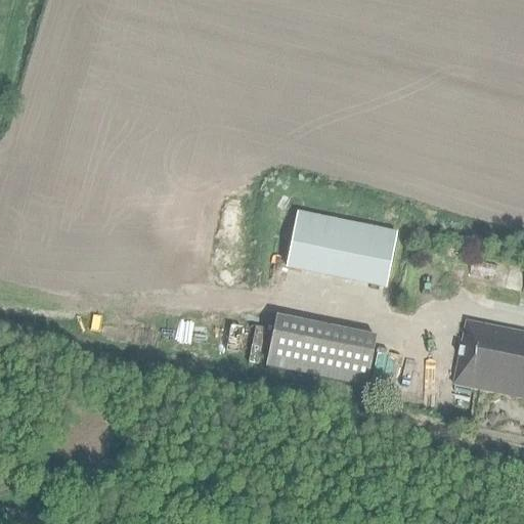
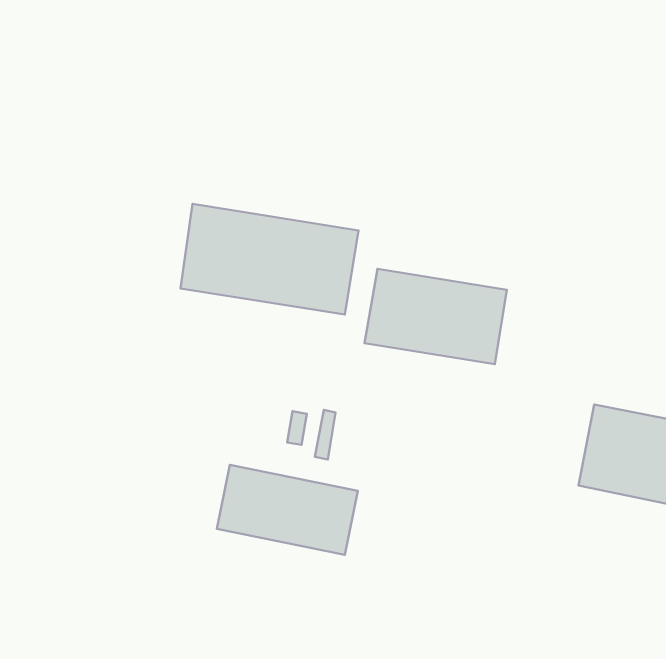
building: none -> [180,204,359,314]
building: [265,313,376,384] -> [217,465,358,555]

